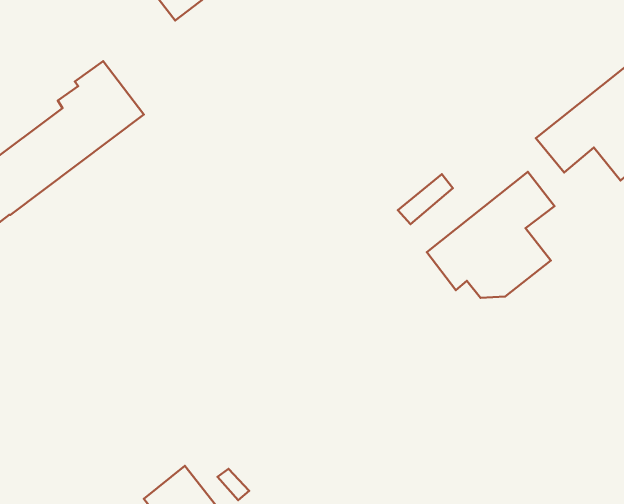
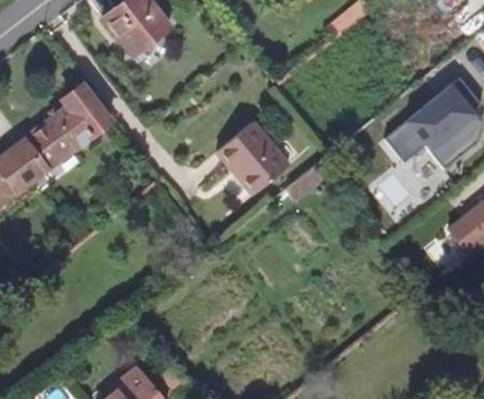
building: none -> [217,122,288,195]
building: [427,172,554,298] -> none

